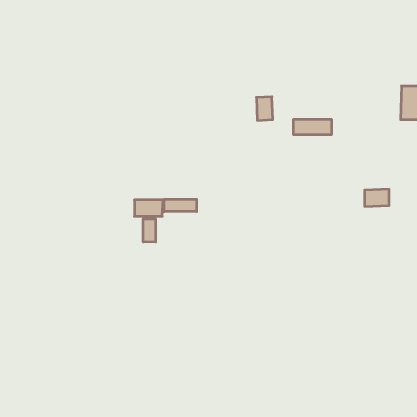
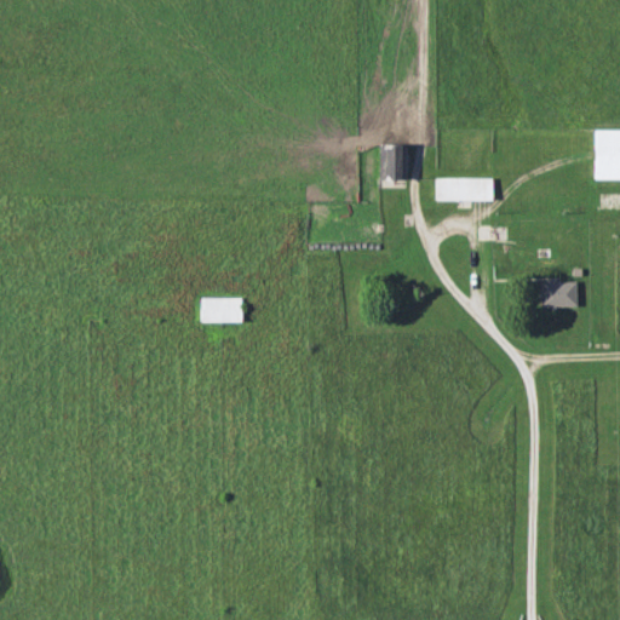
building: [164,199,197,212] -> none
building: [143,219,156,242] -> none

